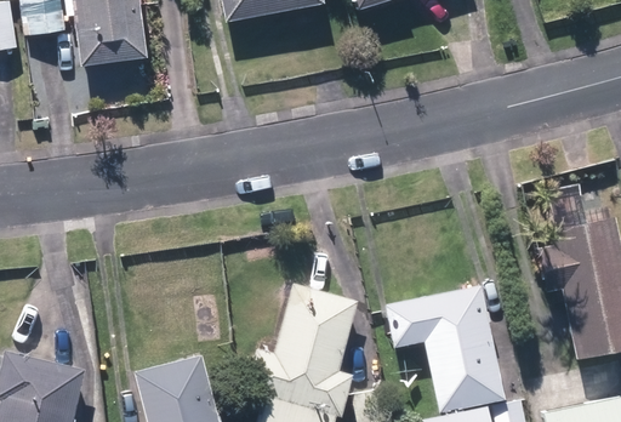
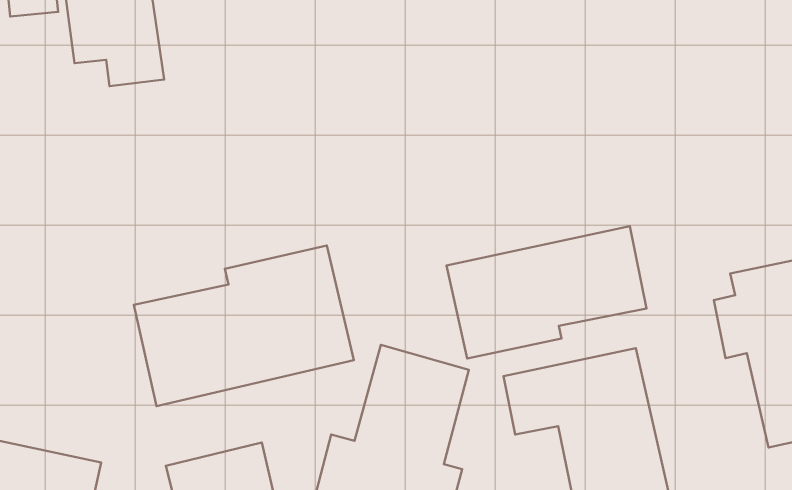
building: none -> [446,226,646,358]
building: none -> [134,246,354,406]

